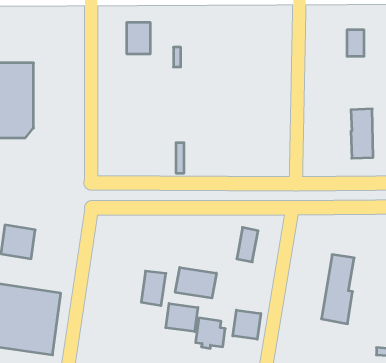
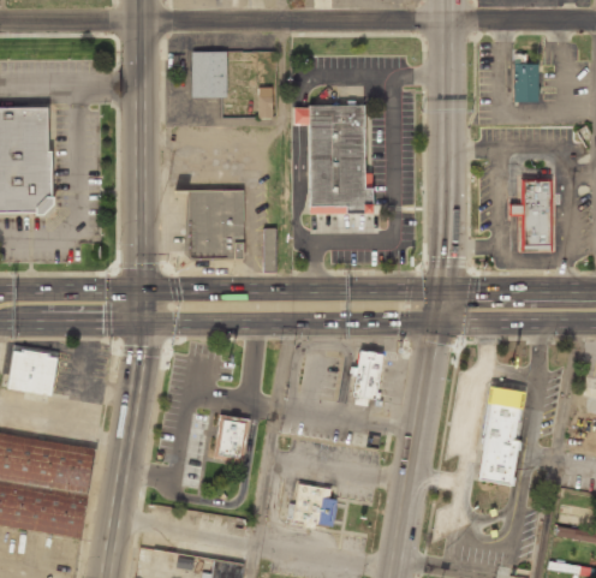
building: none -> [309,108,364,215]
building: none -> [190,192,243,258]
building: [175,267,216,298] -> none
building: [166,303,198,332] -> none
building: [233,310,261,339] -> none

